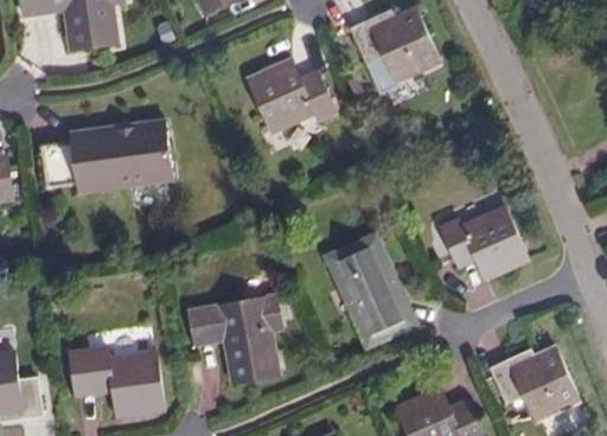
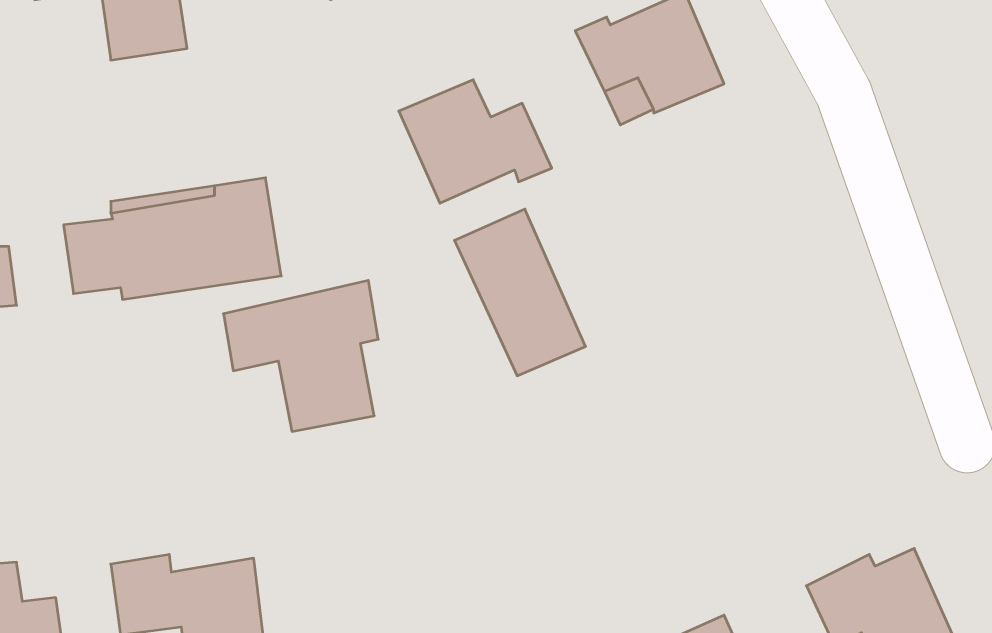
building: [441,206,530,277] -> none
building: [328,239,408,340] -> [454,209,586,376]
building: [189,291,282,383] -> [223,280,378,431]

